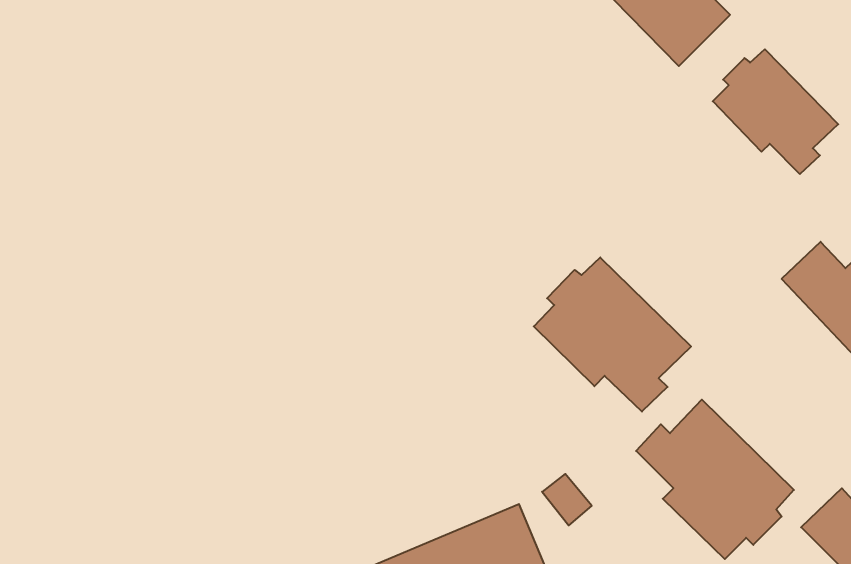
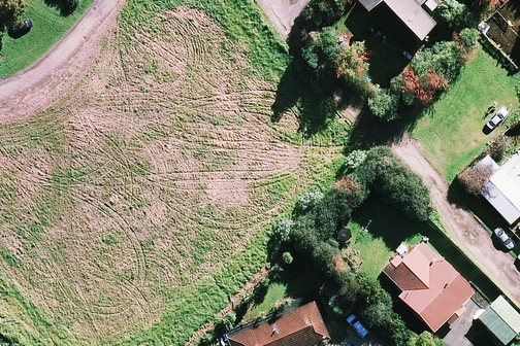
building: [713,49,838,174] -> none
building: [534,257,691,412] -> none

